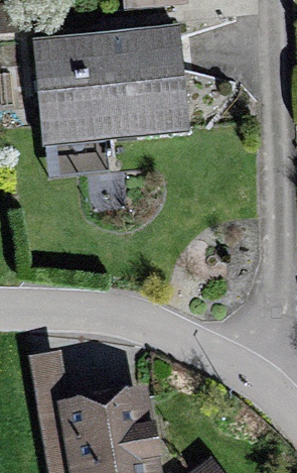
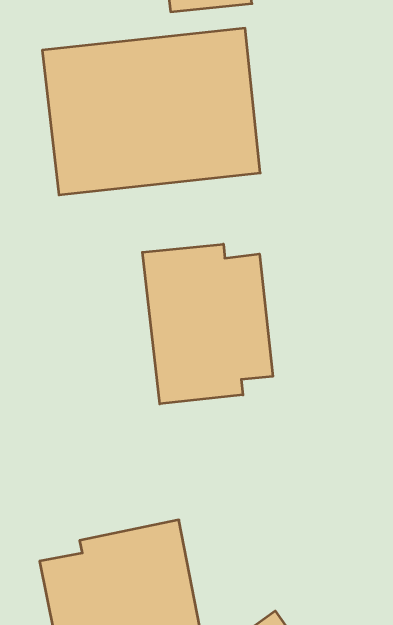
building: none -> [142,244,273,404]

